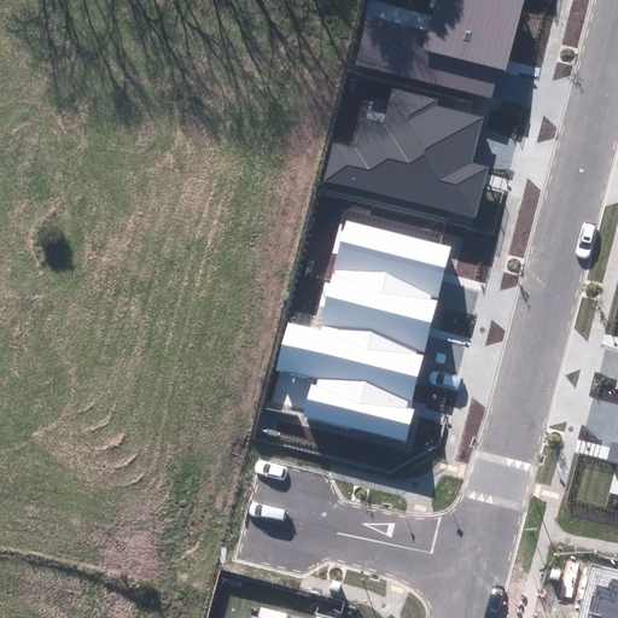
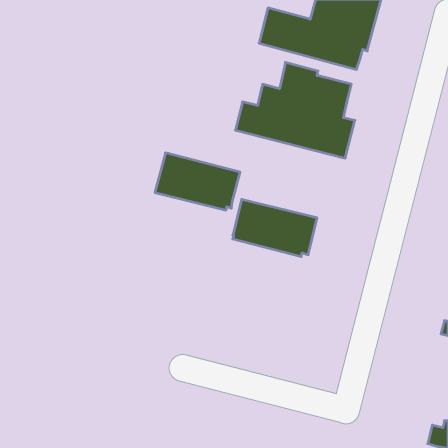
building: [332,220,449,298] -> [155,153,240,210]
building: [275,320,421,443] -> none

